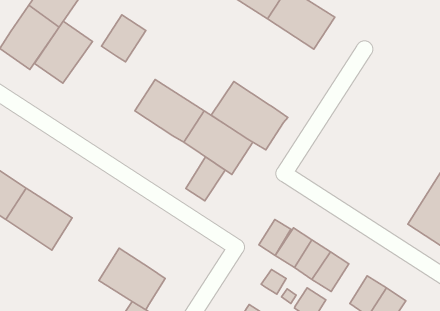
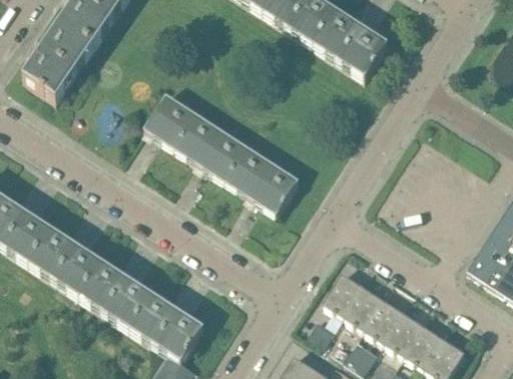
building: [102,15,146,62] -> [145,94,193,145]
building: [35,21,92,83] -> none
building: [211,82,288,150] -> none
building: [186,157,225,201] -> none
building: none -> [81,262,154,330]
building: [259,219,291,255] -> none
building: none -> [385,312,424,355]

